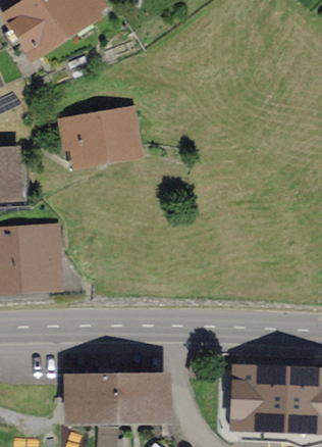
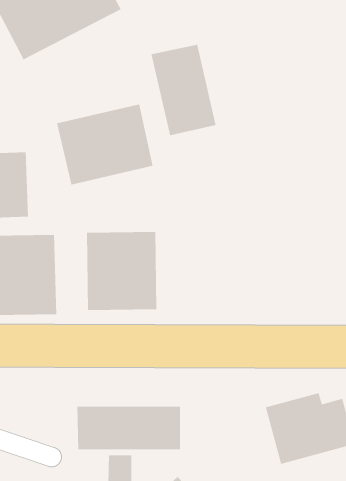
building: none -> [151,44,216,136]
building: none -> [86,231,157,311]

